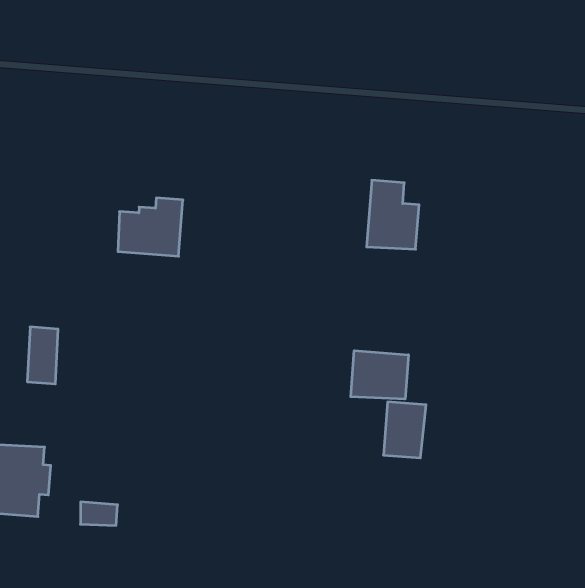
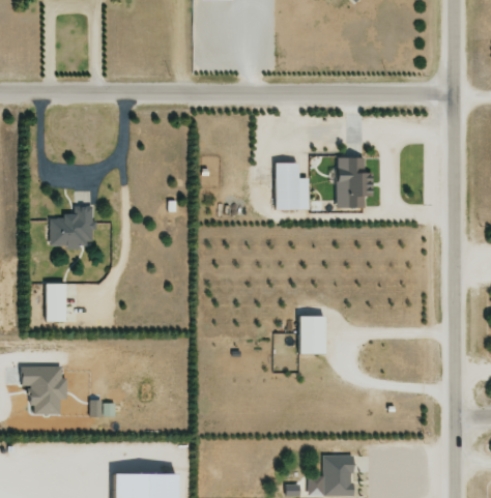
building: none -> [337,157,372,207]
building: [118,198,183,256] -> [51,206,94,245]
building: [351,351,408,399] -> none

